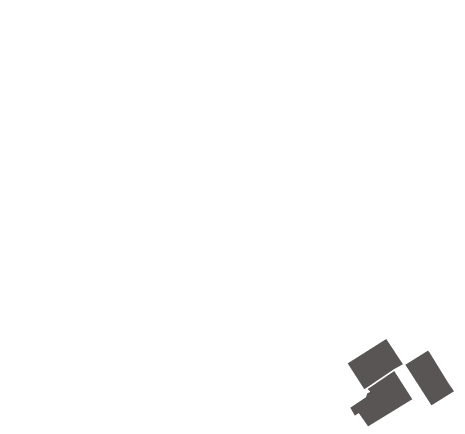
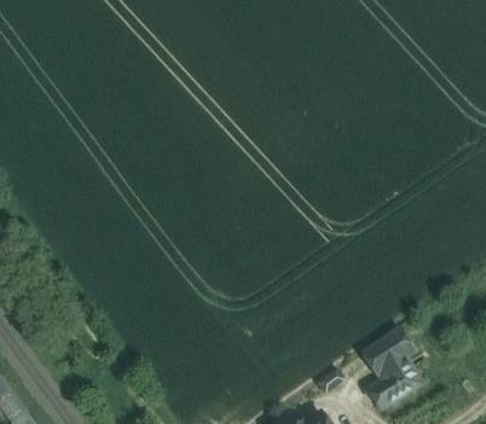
building: [404,349,455,407] -> none

